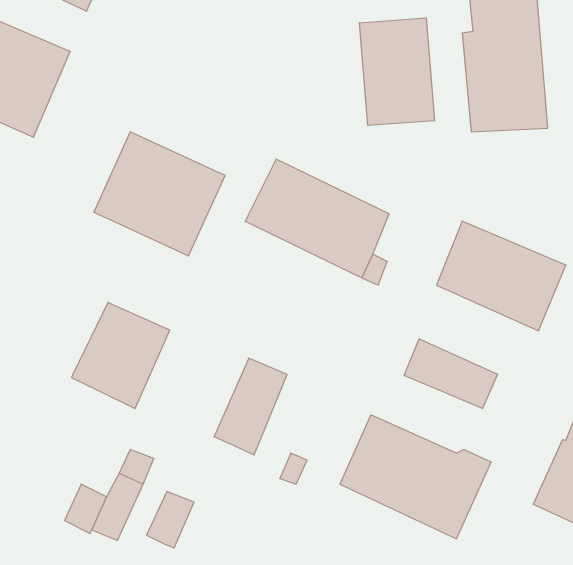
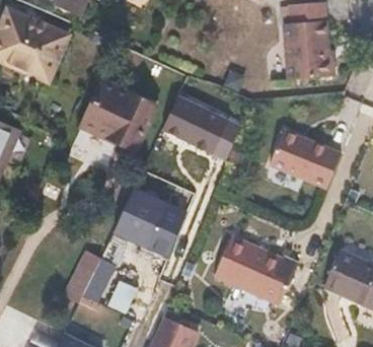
building: [360,18,434,126] -> none
building: [71,303,170,409] -> [109,190,164,249]
building: [404,339,498,409] -> none

